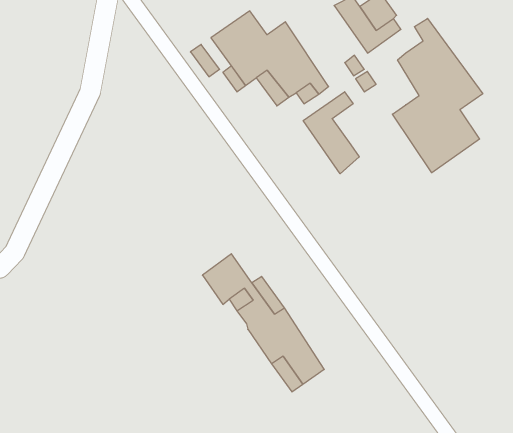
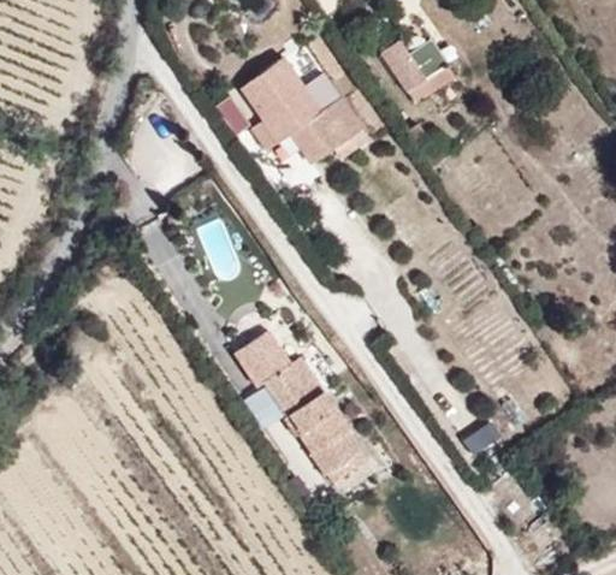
building: [392,18,483,173] -> none
building: [303,92,359,174] -> none

